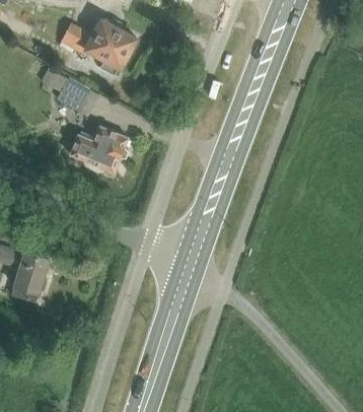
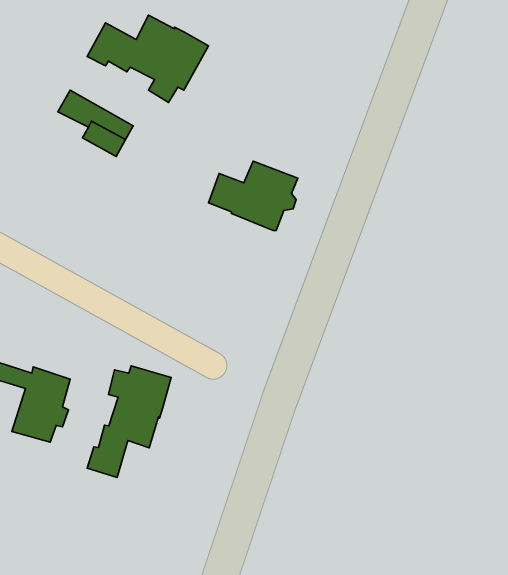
building: [70,127,129,173] -> [209,161,298,230]
building: none -> [87,366,171,477]

